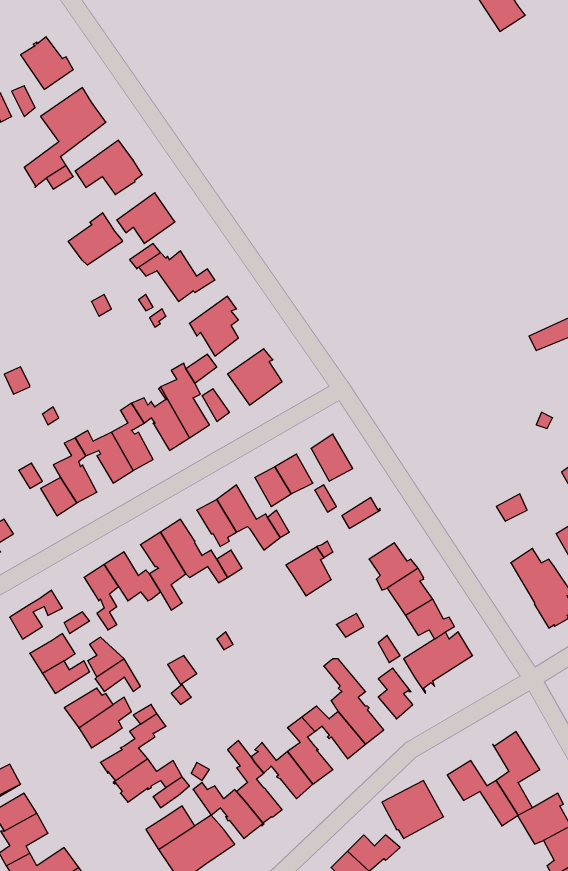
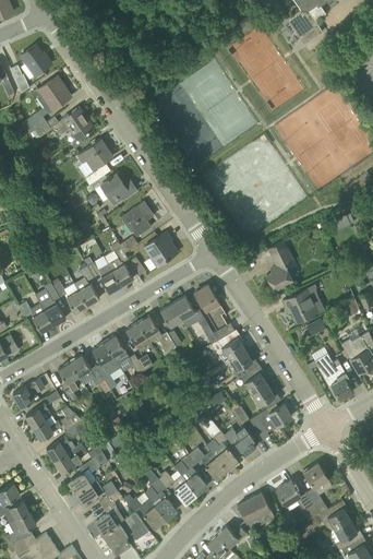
building: [68,213,122,265] -> none
building: none -> [266,240,293,290]
building: none -> [282,285,325,321]
building: [286,547,331,596] -> [217,330,244,359]

